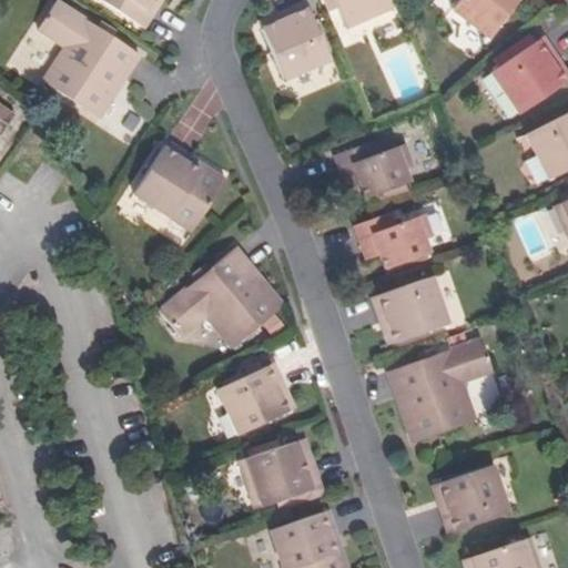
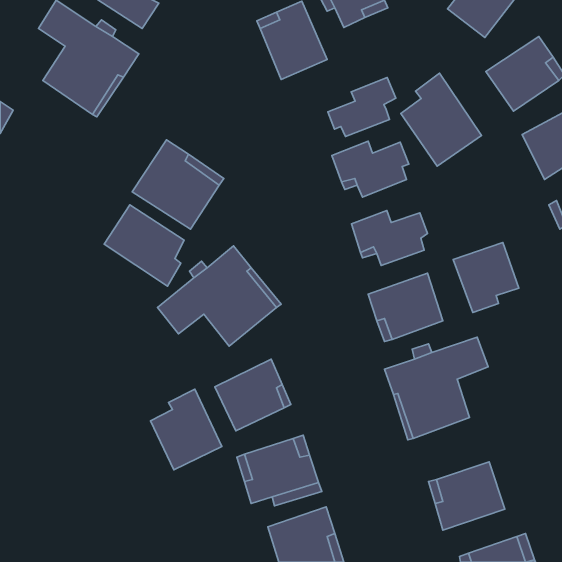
building: none -> [401,73,482,166]
building: none -> [328,78,396,136]
building: none -> [104,205,184,286]
building: none -> [453,242,519,312]
building: none -> [151,389,222,470]

